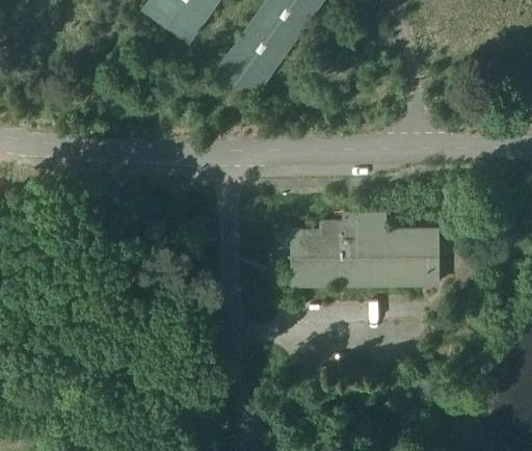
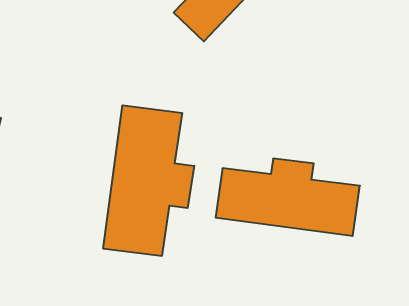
building: none -> [103,105,194,256]

